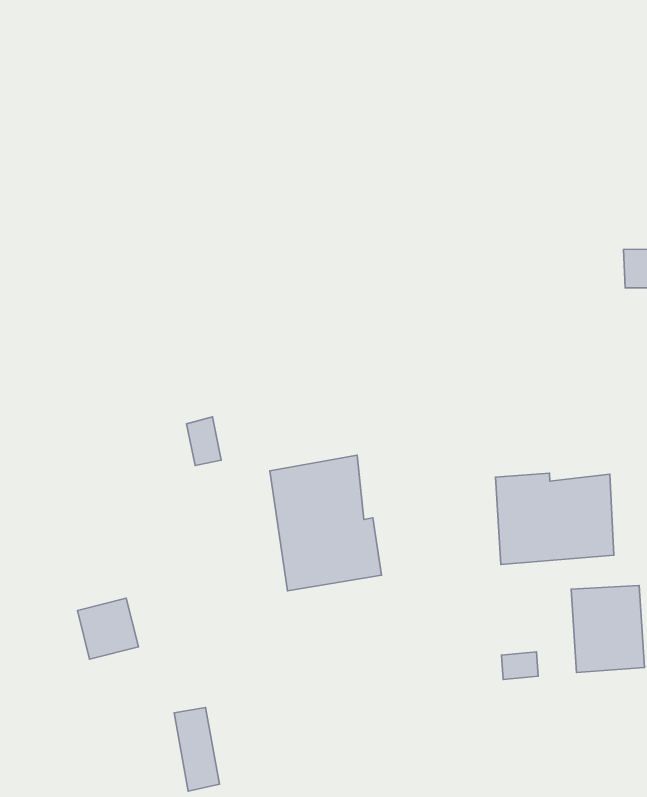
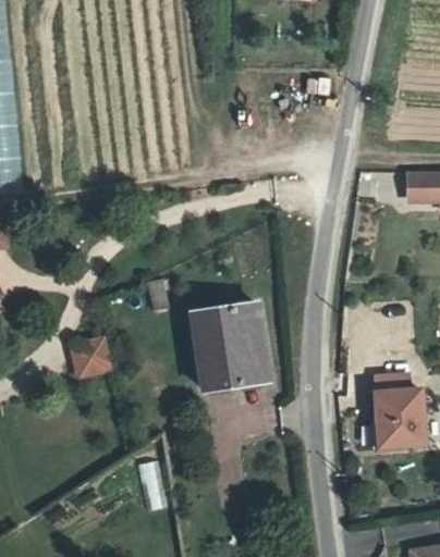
building: [495,473,614,565] -> none
building: [77,598,138,659] -> [72,338,110,376]

